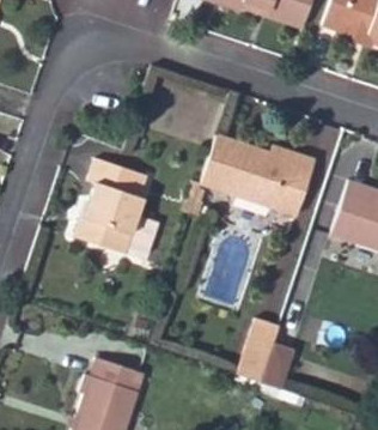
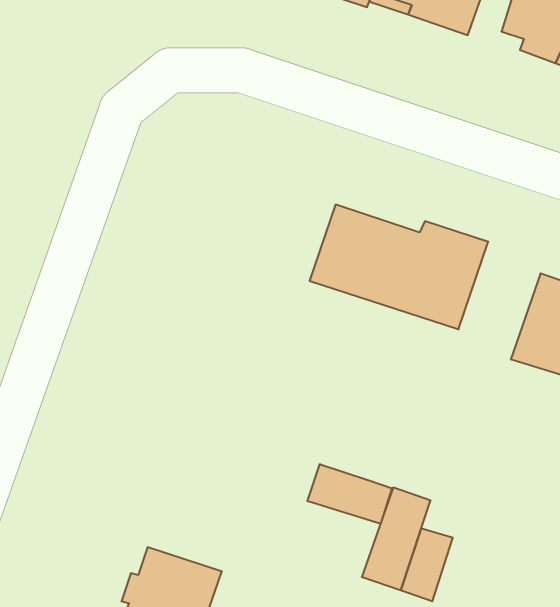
building: [77,159,160,258] -> none
building: none -> [307,464,392,524]

